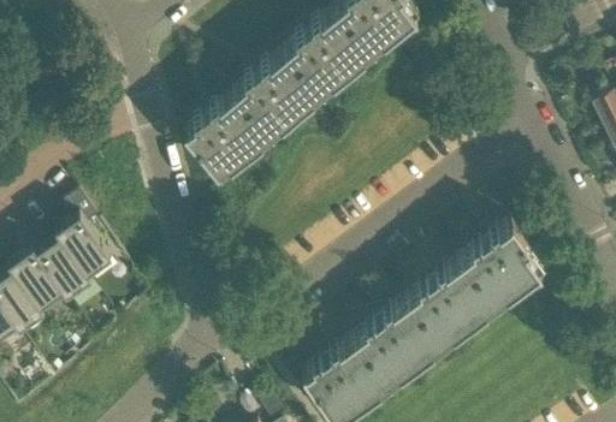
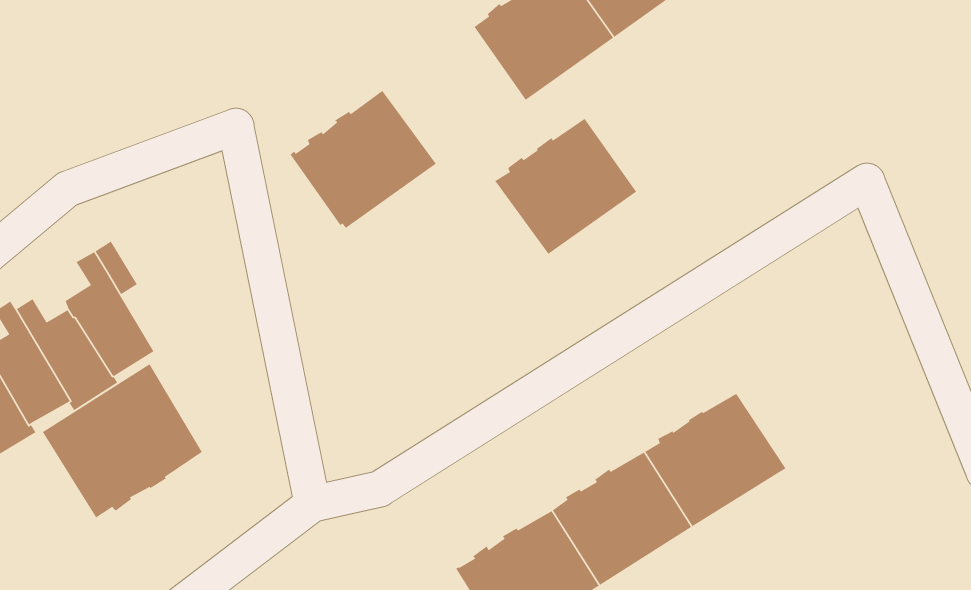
building: [237,53,324,137] -> [494,118,637,255]
building: [464,225,541,304] -> none
building: none -> [42,363,203,519]

